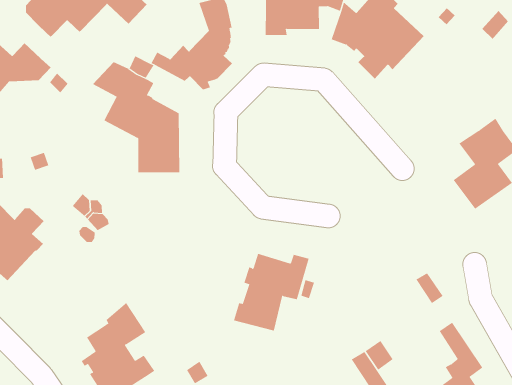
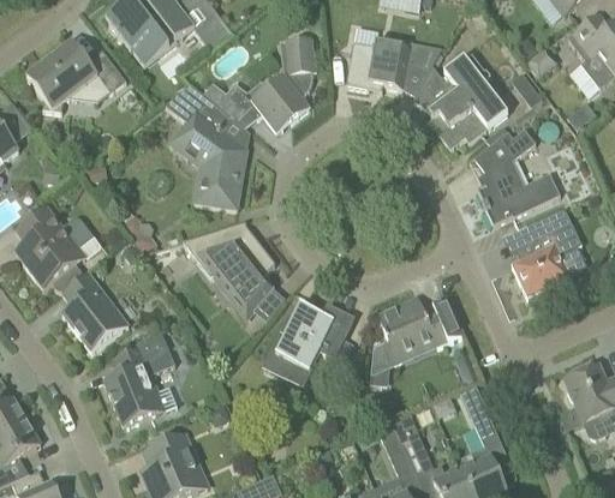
building: none -> [468,127,560,224]
building: none -> [183,220,275,314]
building: none -> [370,298,464,373]
building: none -> [61,270,129,352]

